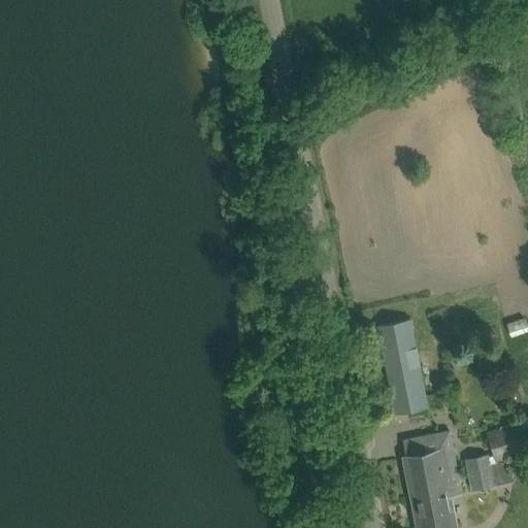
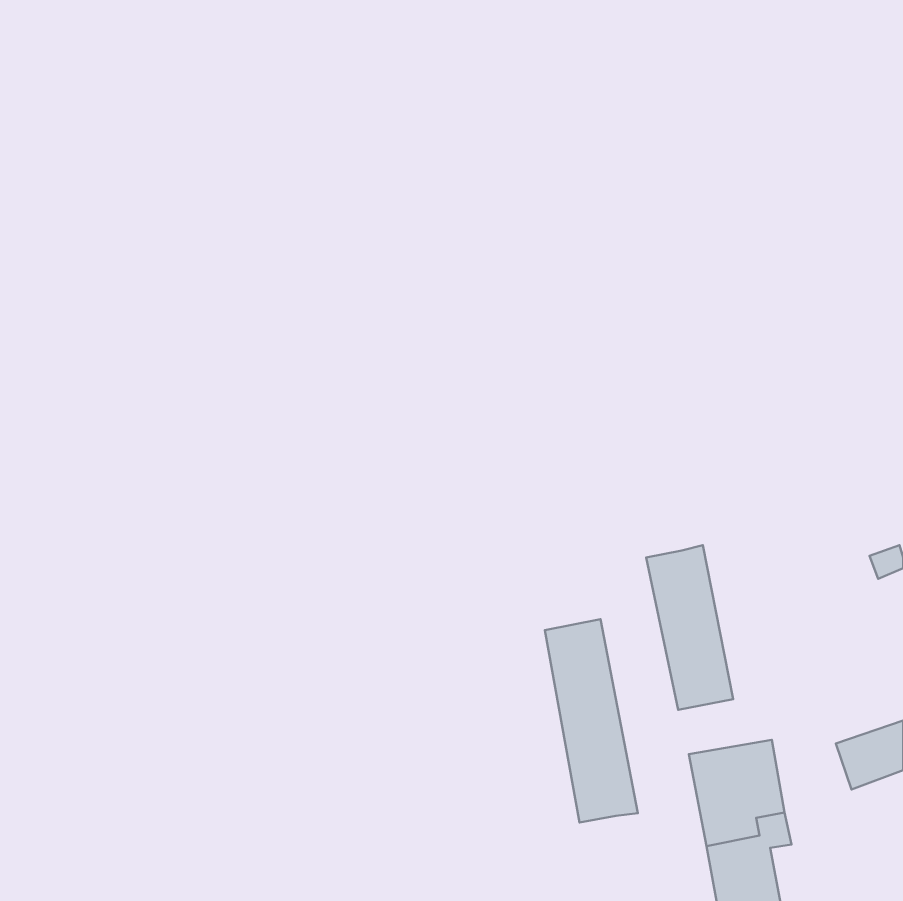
building: none -> [545,619,638,823]
building: [467,458,513,490] -> none

